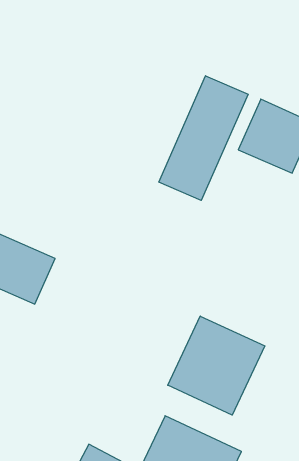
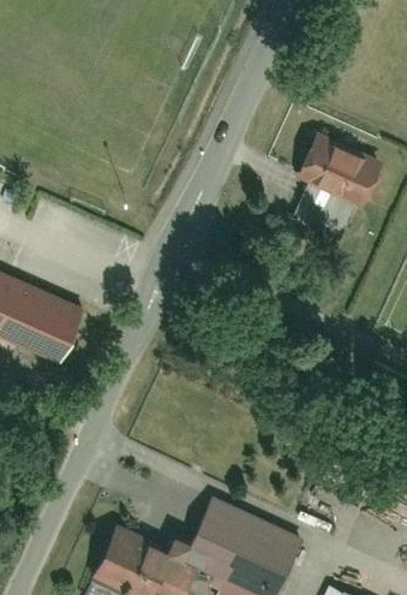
building: [159,76,248,200] -> none
building: [168,316,265,415] -> none

